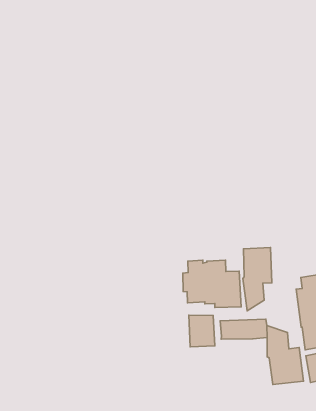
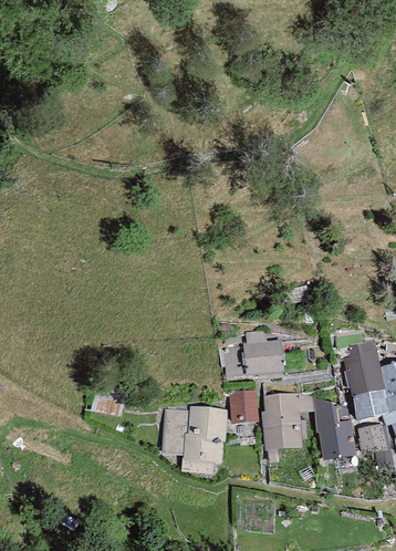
building: [243,247,272,311] -> none
building: none -> [160,406,227,465]
building: none -> [262,413,308,451]

